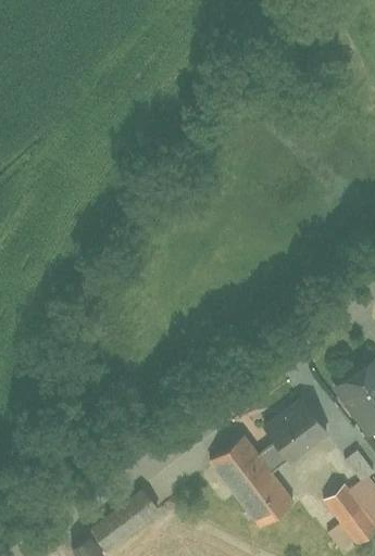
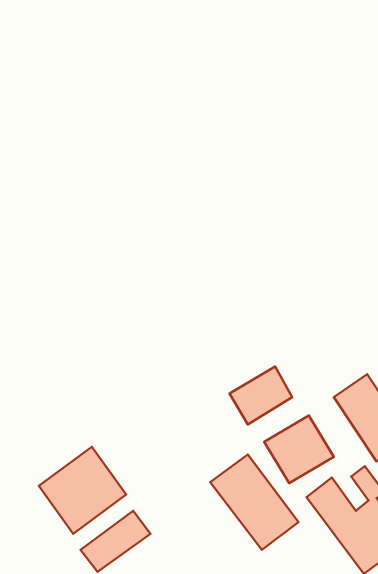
building: none -> [230,367,292,425]
building: none -> [39,447,126,534]

